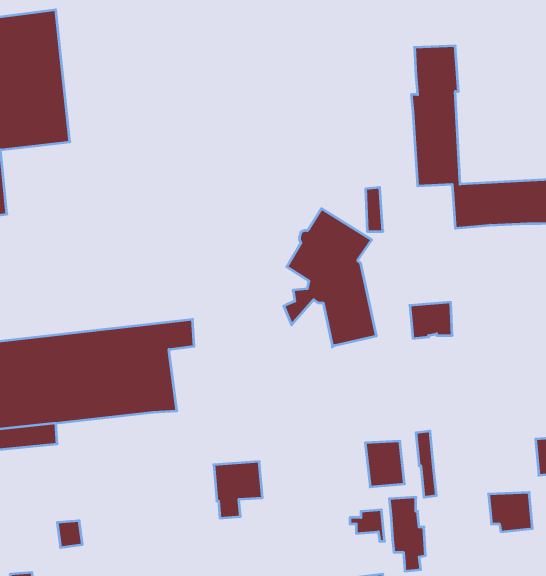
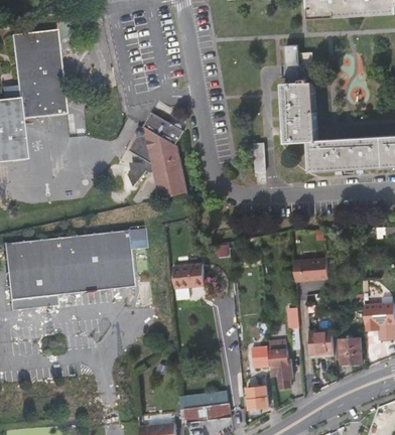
building: [284,209,376,347] -> [127,111,186,199]
building: [410,302,452,338] -> [301,258,328,281]
building: [365,441,405,487] -> [309,328,335,357]
building: [214,462,262,518] -> [173,263,205,299]

